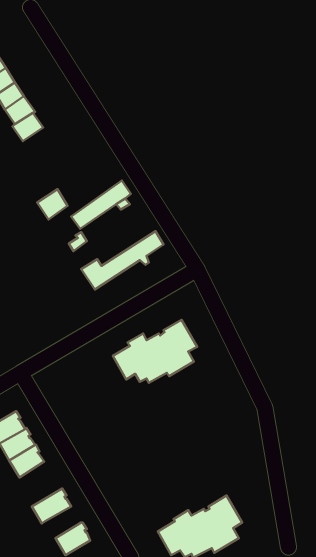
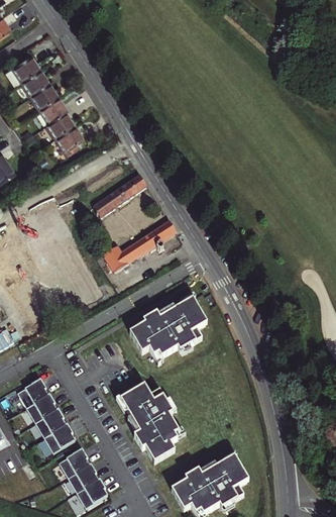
building: [37,189,68,219] -> [48,124,76,151]
building: none -> [121,384,178,459]
building: none -> [45,423,77,453]
building: none -> [69,463,101,493]

